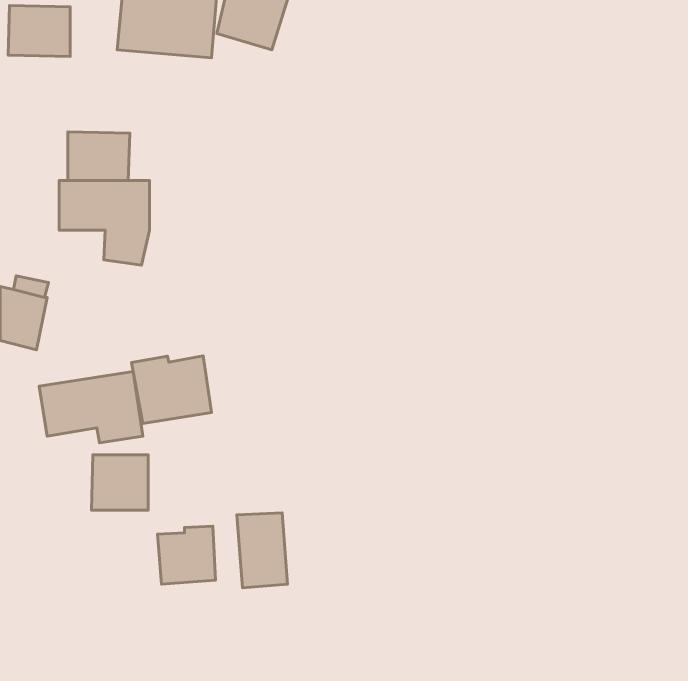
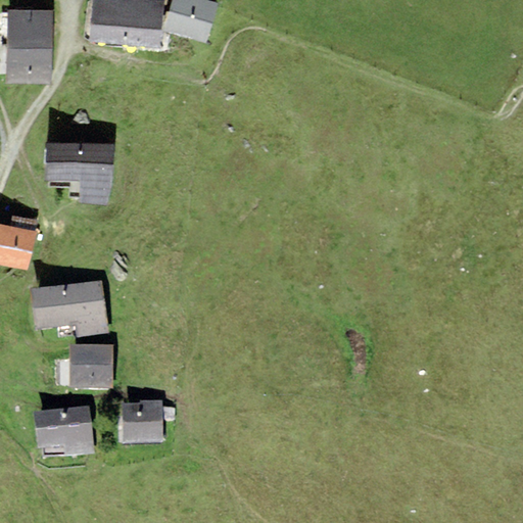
building: [68,132,130,180] -> [6,42,53,79]
building: [132,356,212,423] -> none
building: [237,513,287,588] -> none
building: none -> [33,407,94,458]

